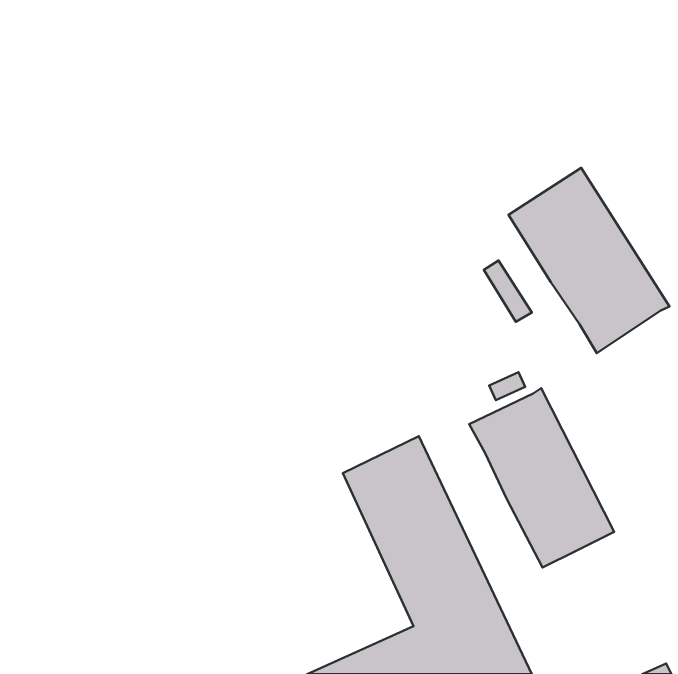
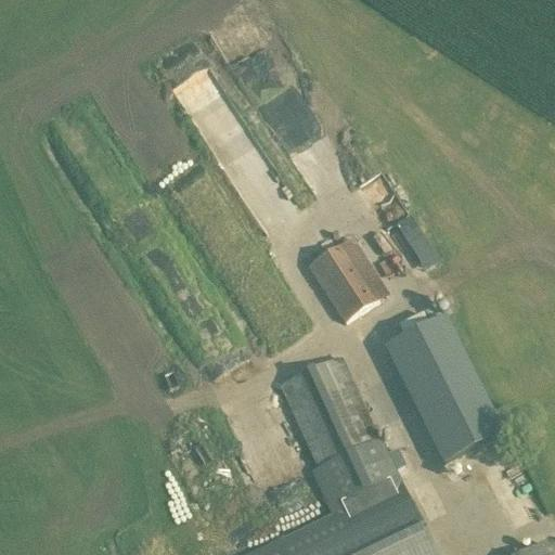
building: [509,168,669,353] -> none
building: none -> [307,236,389,322]

